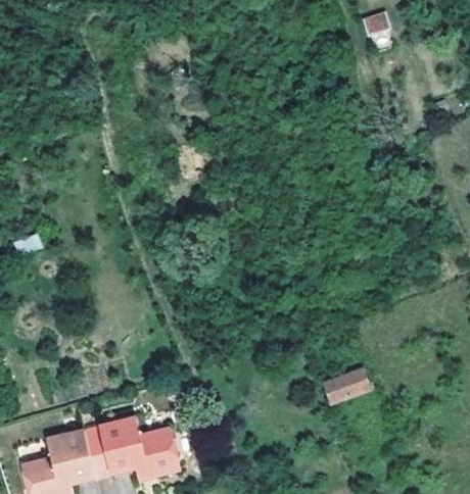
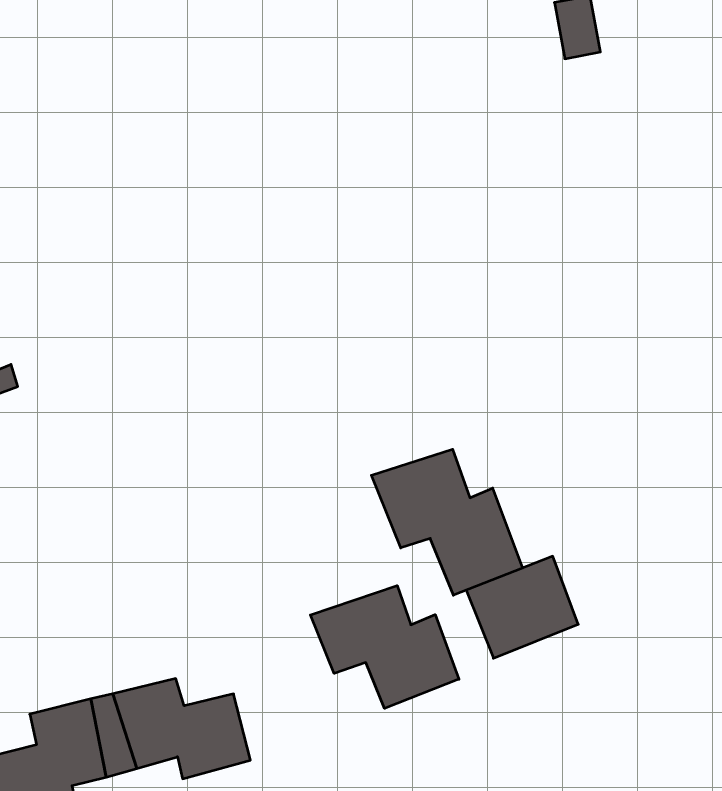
building: none -> [371,449,523,595]
building: none -> [310,586,459,708]

